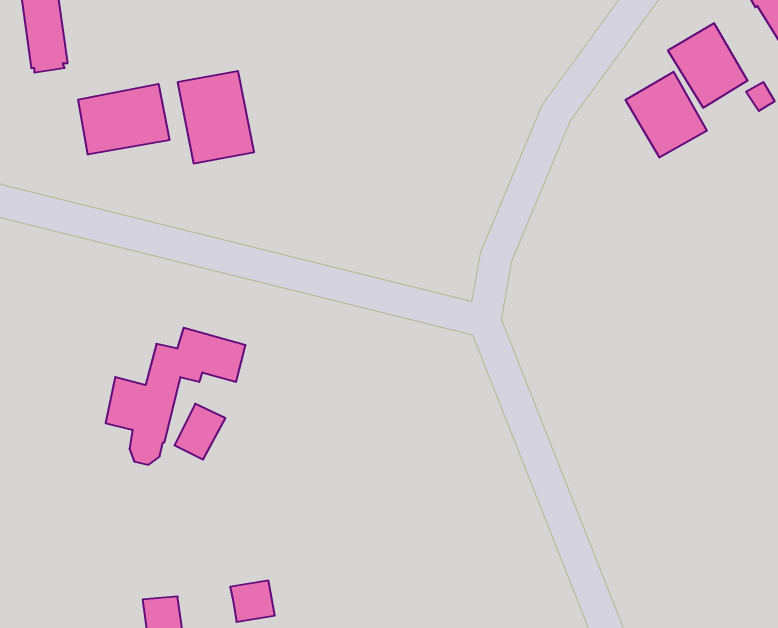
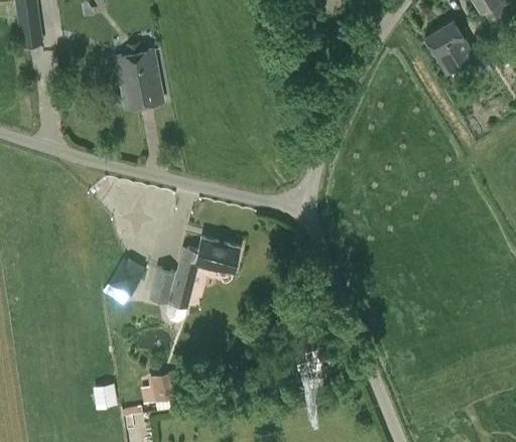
building: [626,72,707,158] -> none
building: [78,84,169,155] -> none
building: [106,328,246,465] -> [151,238,240,324]

